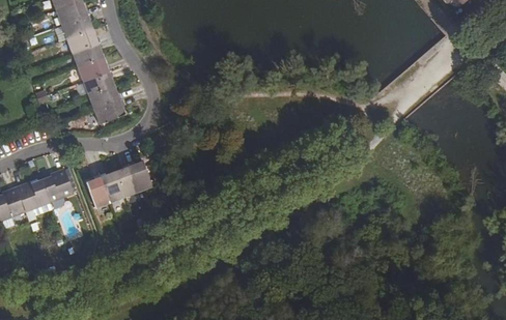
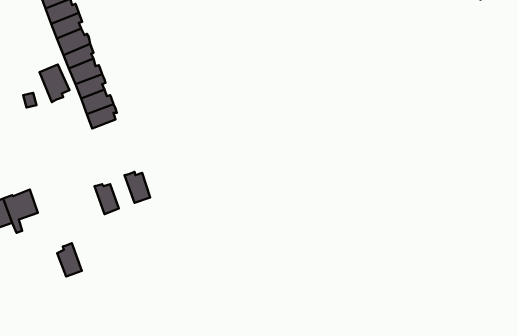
building: none -> [40,65,69,102]
building: [116,165,139,196] -> none
building: [41,169,74,200] -> none
building: [88,175,111,206] -> [57,243,82,276]

